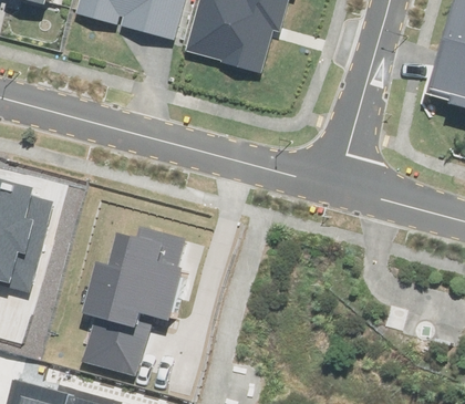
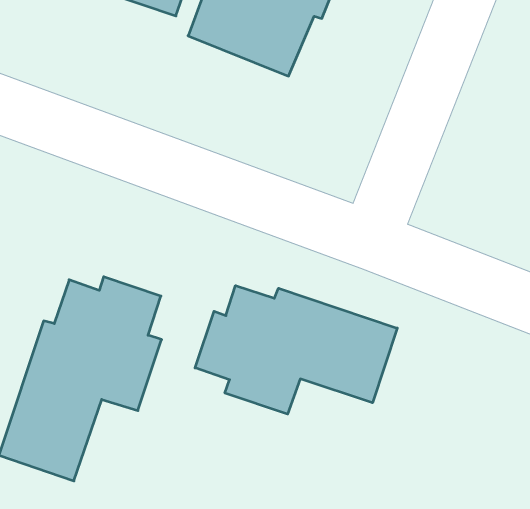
building: none -> [195,286,397,414]

